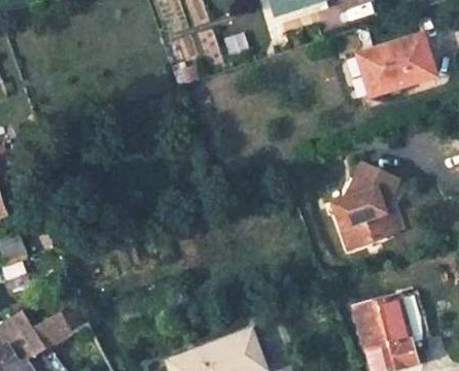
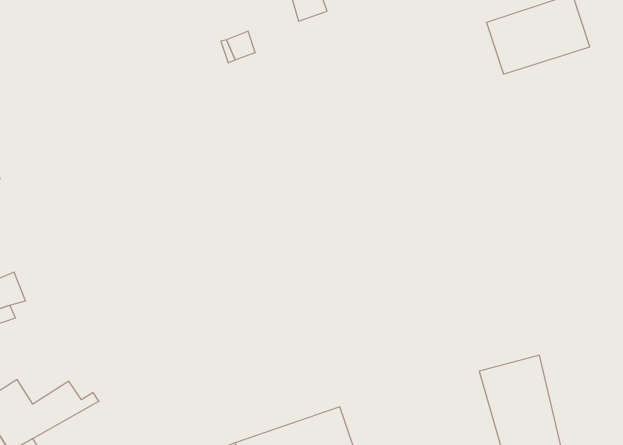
building: [336,163,394,245] -> none

